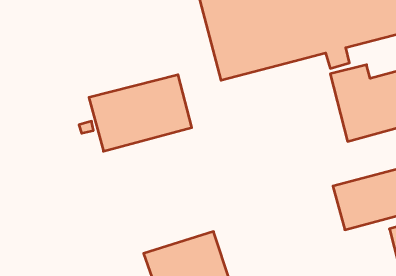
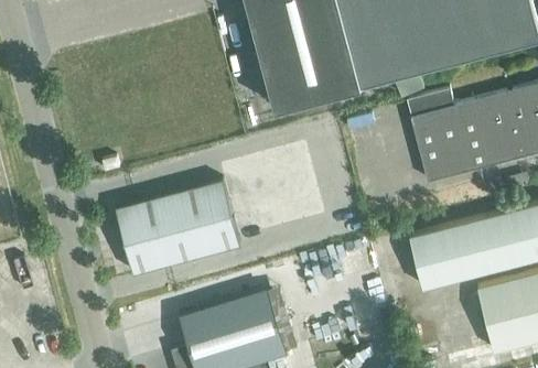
building: [89,75,192,151] -> [115,183,239,275]

